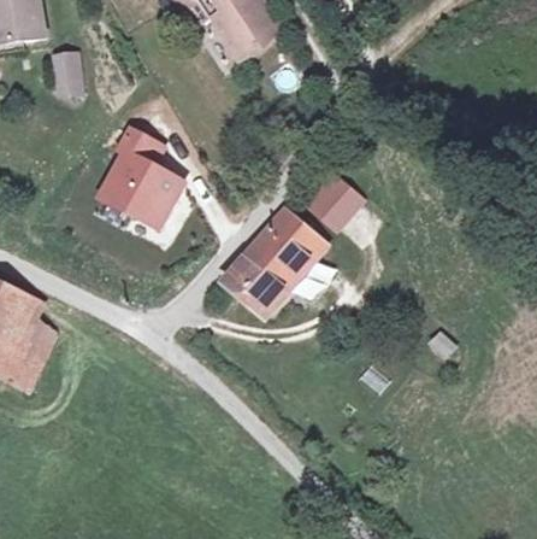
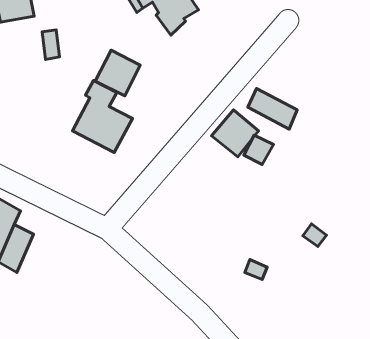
building: none -> [95,50,140,96]
building: none -> [248,88,297,129]
building: [219,209,324,315] -> none

